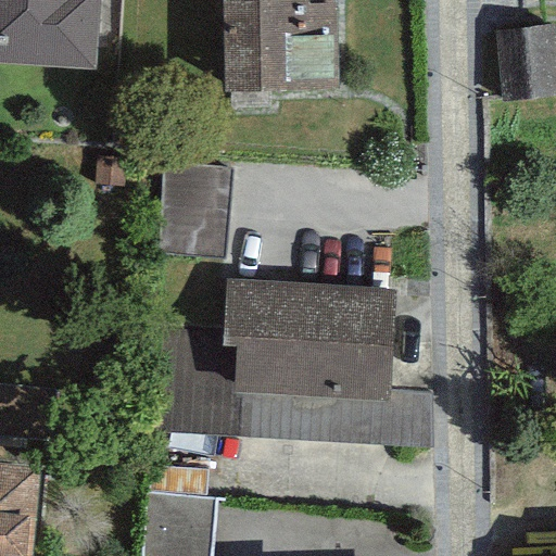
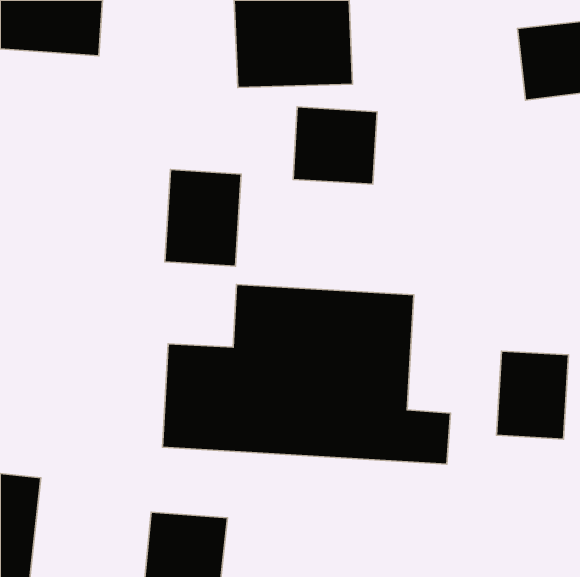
building: none -> [293,107,377,184]
building: none -> [497,351,568,439]

